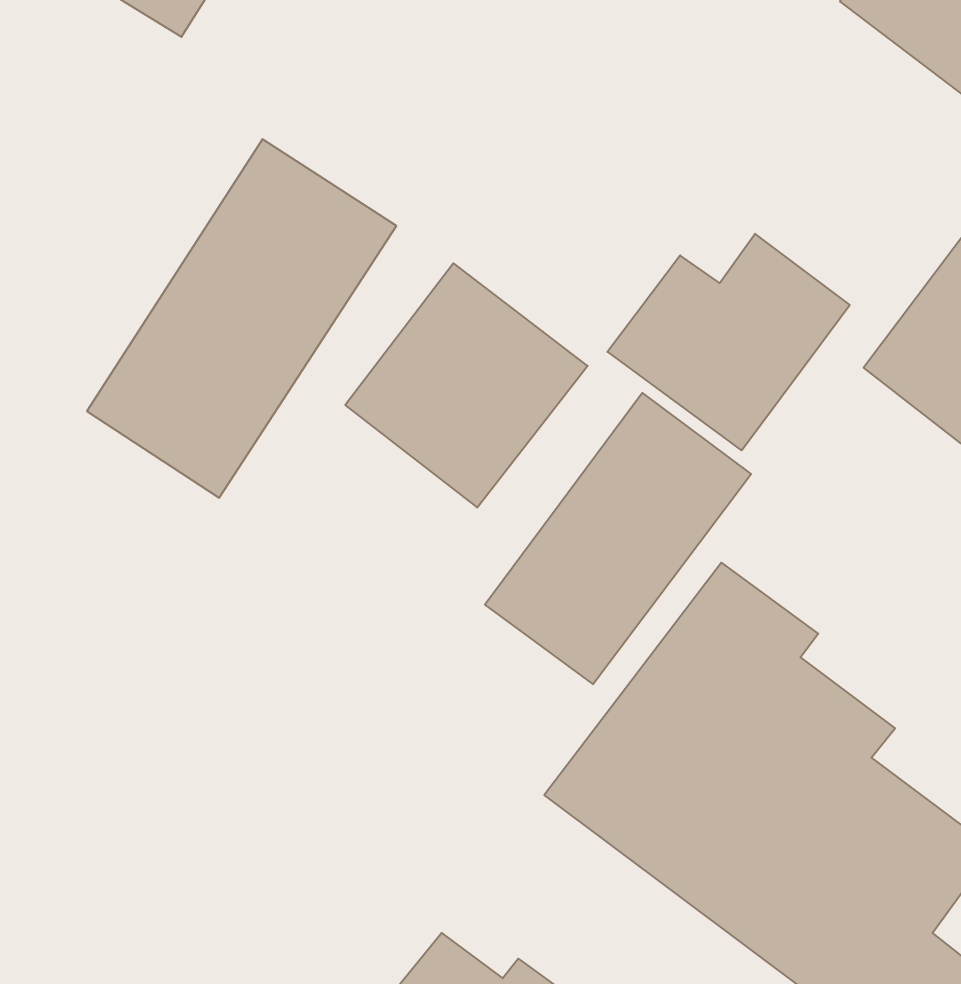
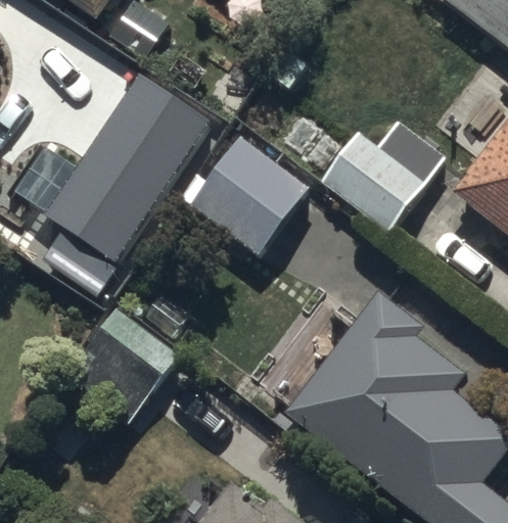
building: [485,393,751,684] -> none
building: none -> [68,308,179,418]

